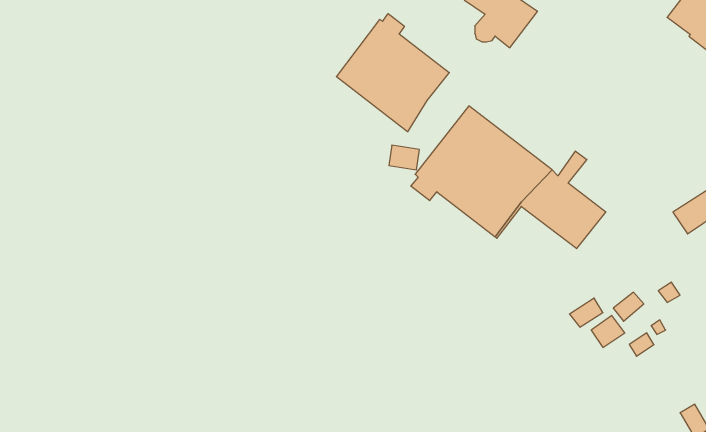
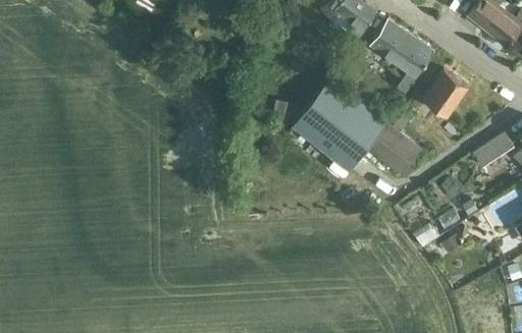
building: [336,14,449,132] -> none
building: none -> [370,19,433,93]
building: none -> [422,70,467,116]

